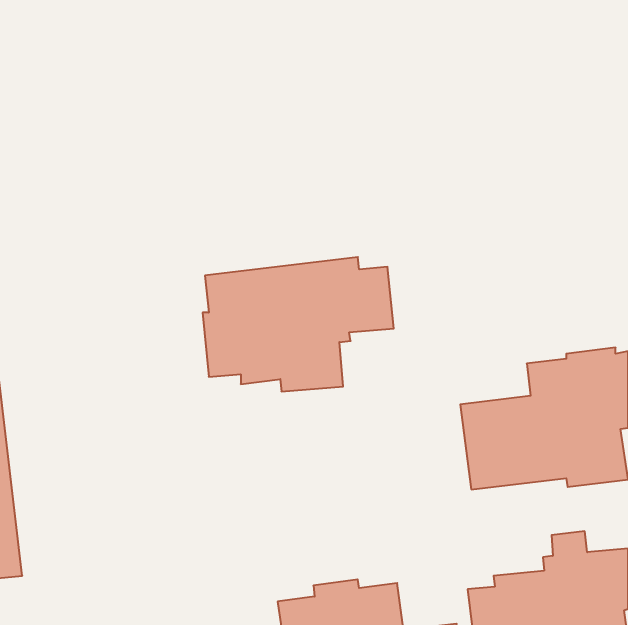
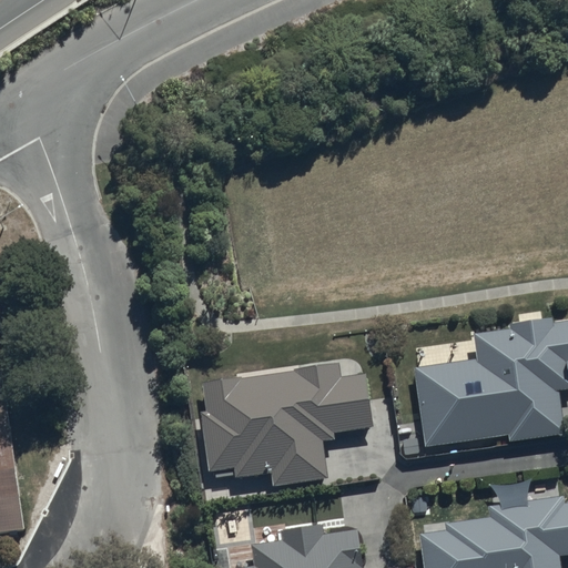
building: [203,257,394,391] -> [201,364,373,485]

